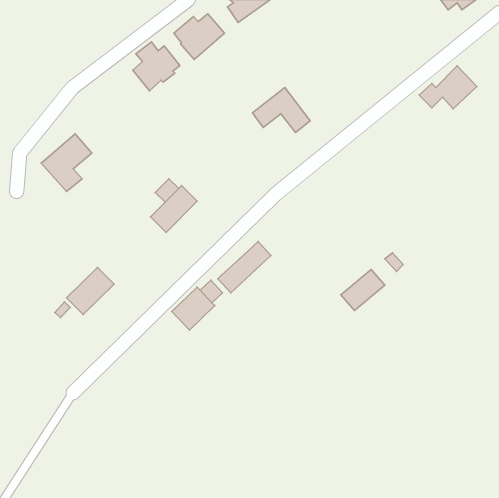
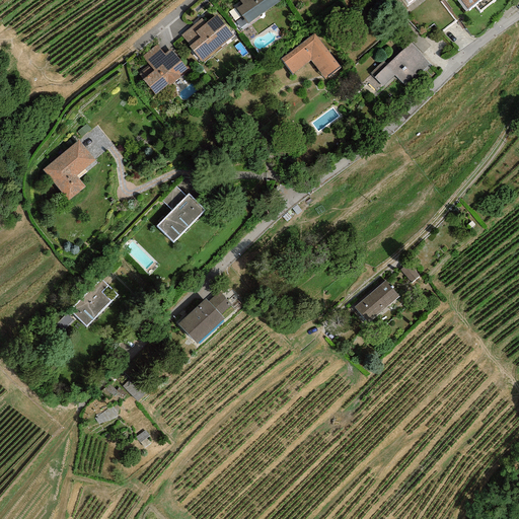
building: [419,66,477,109] -> [370,42,430,86]
building: [253,87,310,132] -> [281,31,341,78]
building: [218,242,271,293] -> none

